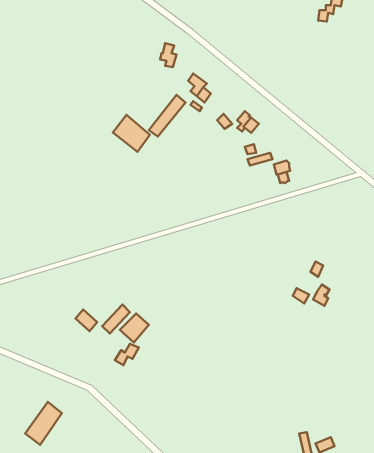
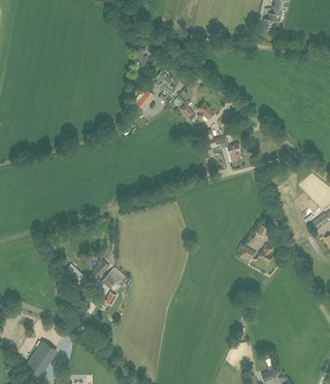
building: [113,115,150,152] -> none

